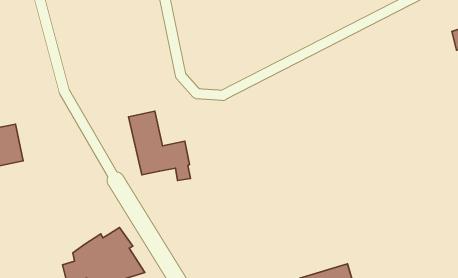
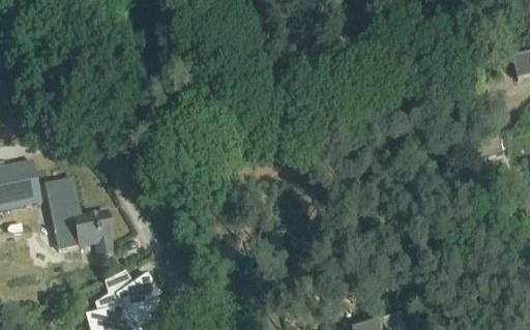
building: [129,111,191,180] -> [43,178,112,254]

